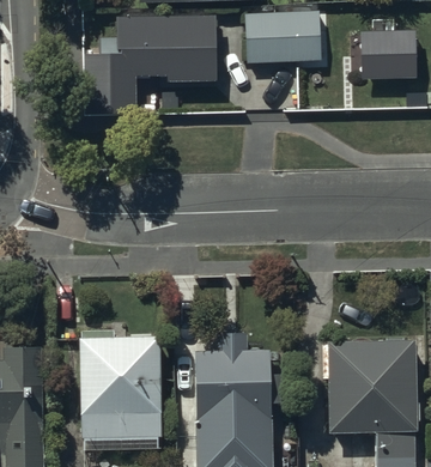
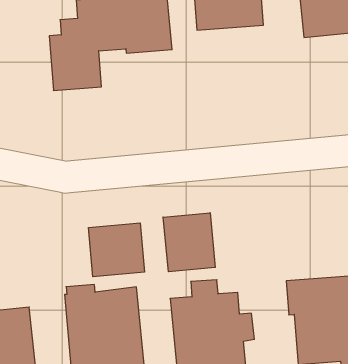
building: none -> [163,213,215,272]
building: none -> [89,223,144,277]

